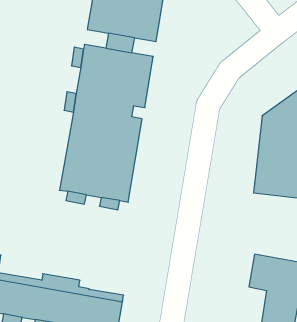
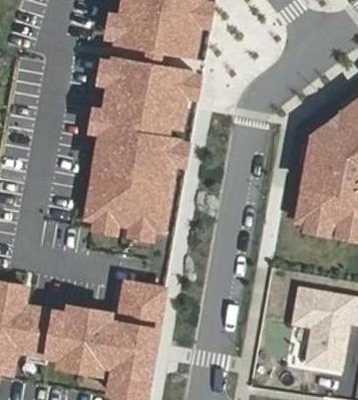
building: none -> [120,284,164,332]

